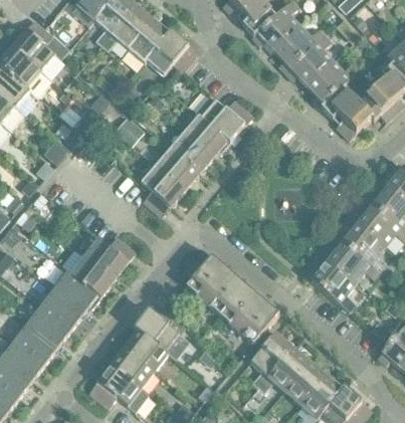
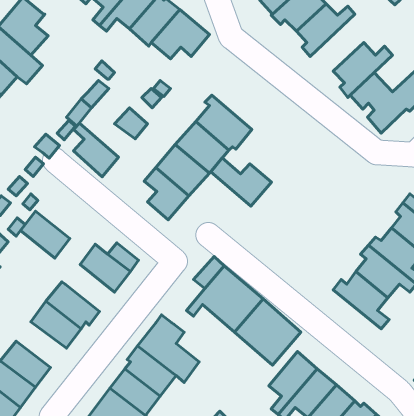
building: [285,35,333,85] -> none
building: [199,94,252,137] -> [211,158,271,206]
building: none -> [73,123,119,177]
building: [70,255,114,296] -> [21,211,70,258]
building: [27,305,71,346] -> none

